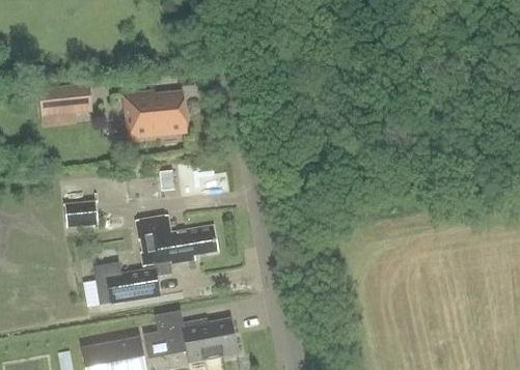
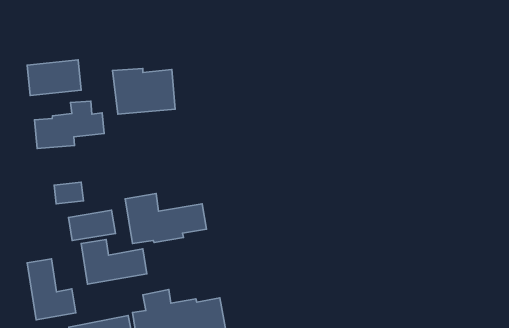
building: none -> [34,101,104,148]
building: none -> [68,210,115,241]
building: none -> [27,259,76,320]

